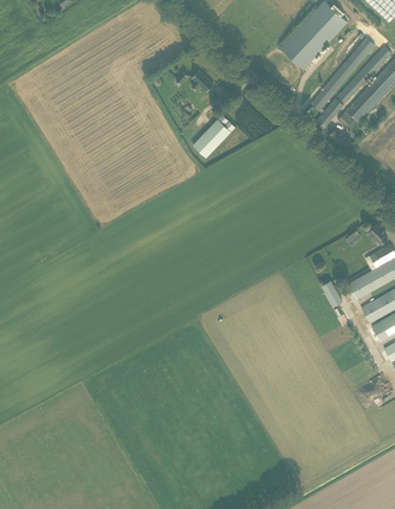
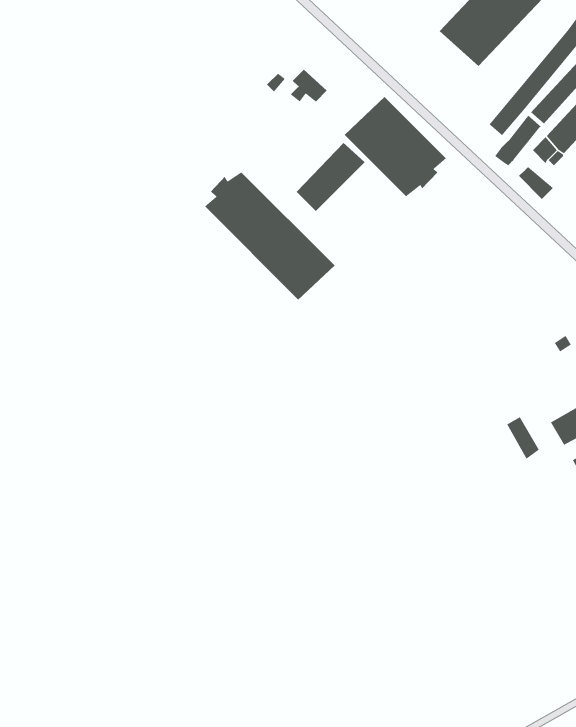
building: none -> [344,96,447,197]
building: none -> [204,171,336,300]

